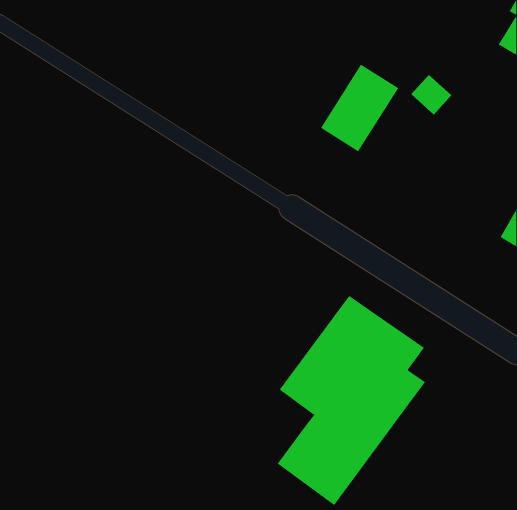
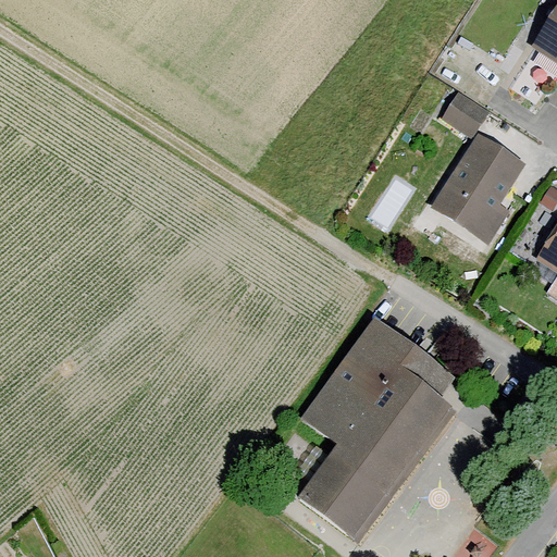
building: [320,64,399,152] -> [435,135,520,230]

